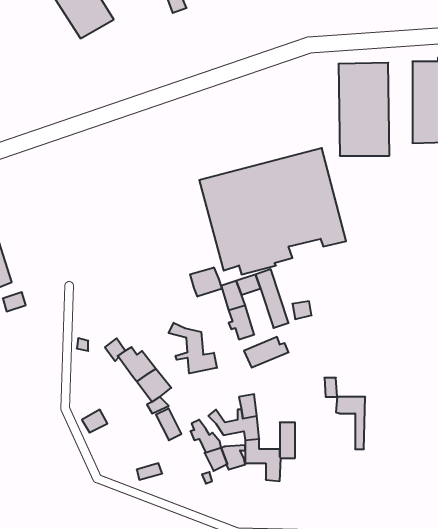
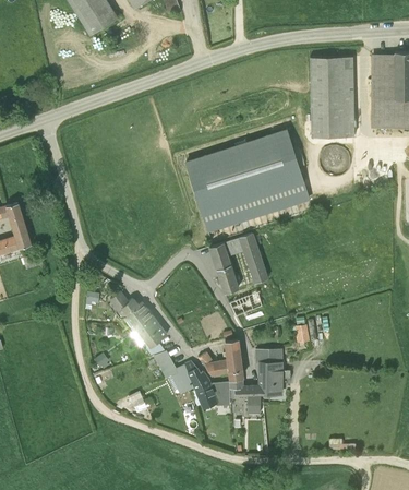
building: [190,267,222,297] -> none
building: [169,323,217,373] -> none
building: [336,397,365,449] -> [256,349,281,394]

